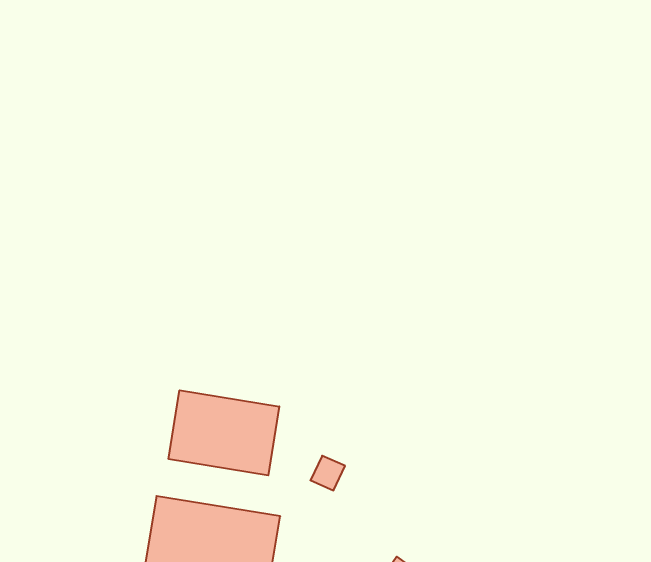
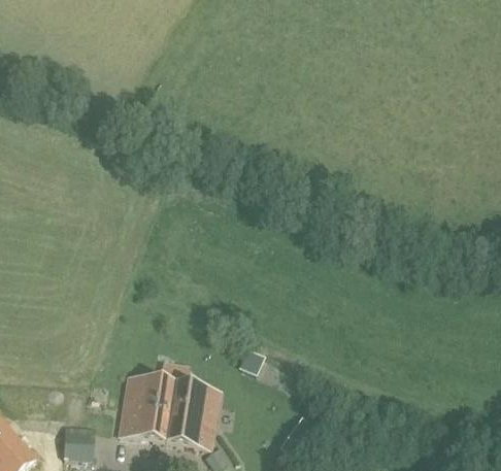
building: [169,390,279,475] -> none

